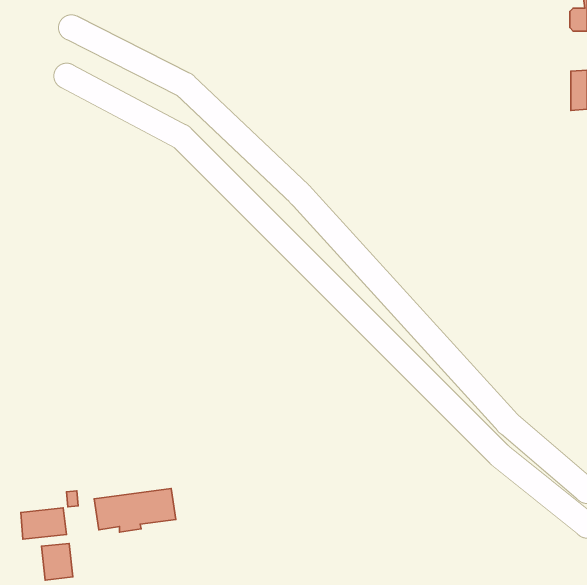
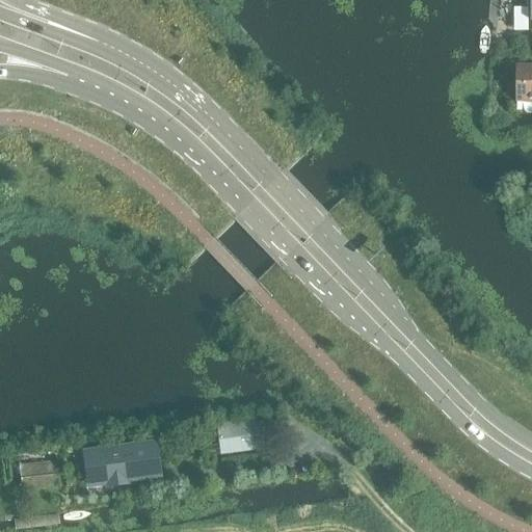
building: none -> [216,419,263,452]
building: [41,544,73,580] -> none

